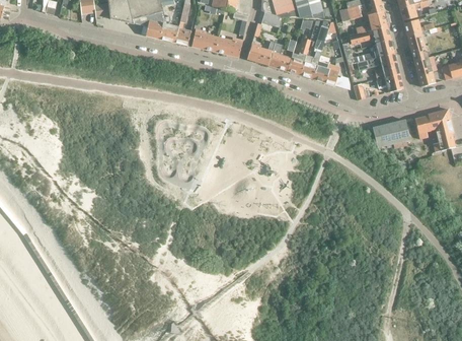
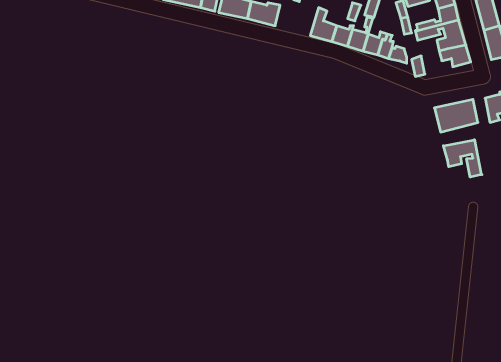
building: [248,41,277,65] -> none
building: none -> [443,140,482,177]

